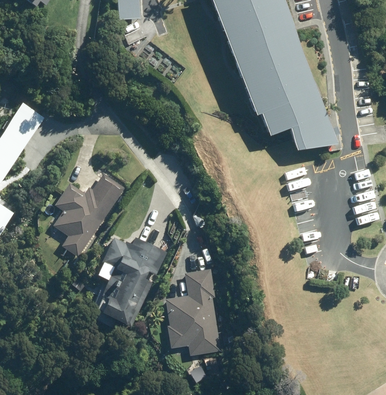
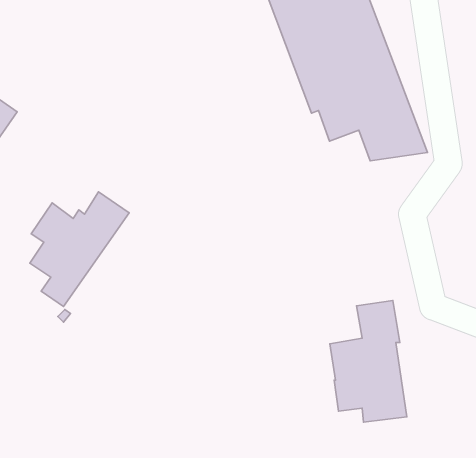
building: [101,236,167,321] -> none
building: [166,267,221,354] -> [330,300,407,422]

